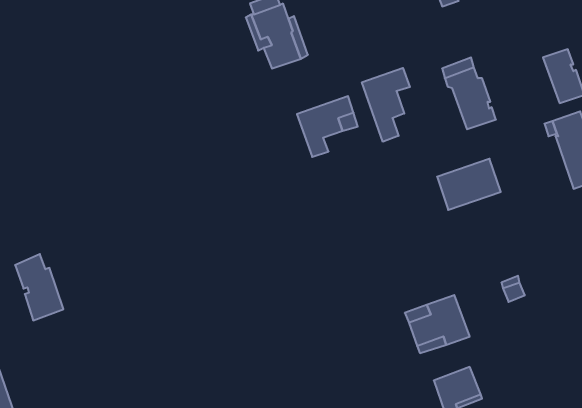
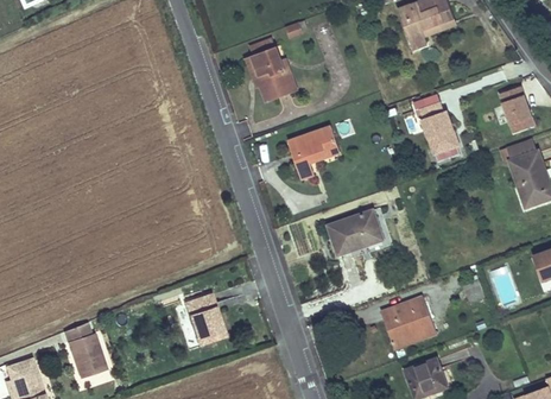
building: [362,68,410,142] -> none
building: [437,159,501,210] -> [328,210,382,254]
building: [15,254,63,320] -> [64,321,106,378]
building: none -> [185,293,224,343]

